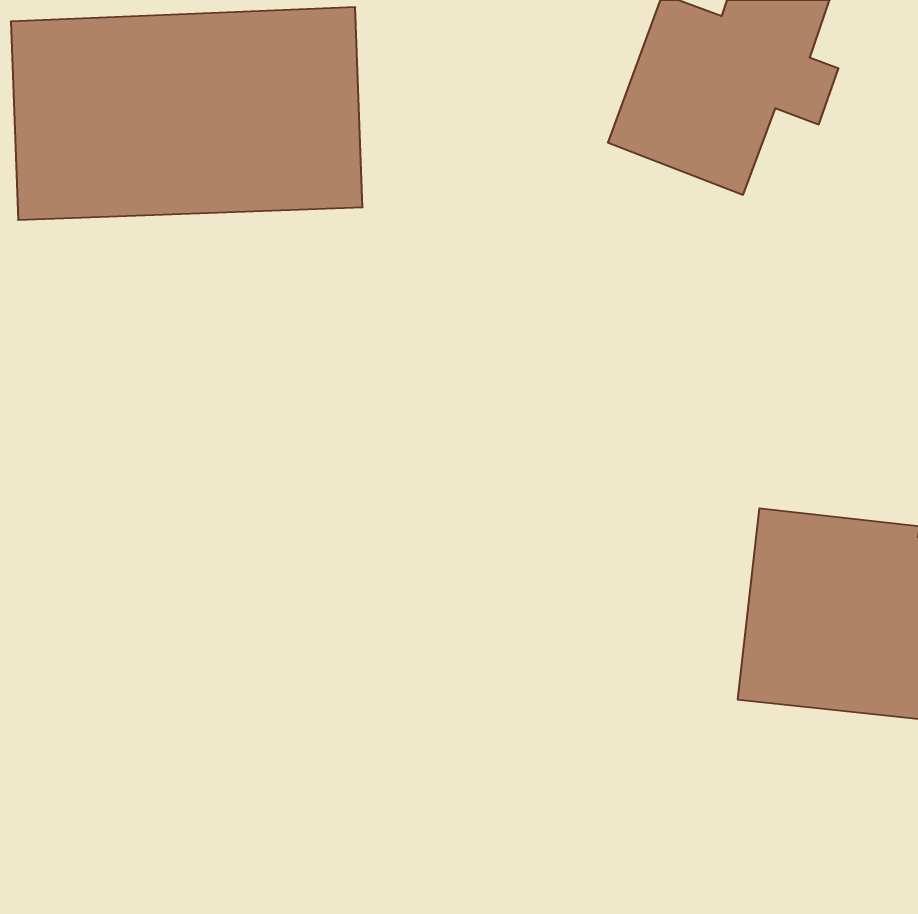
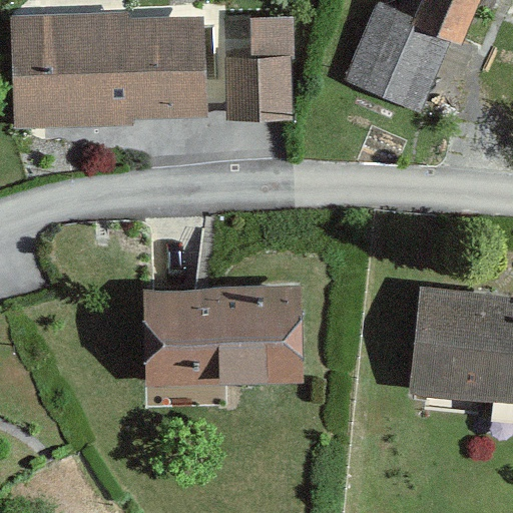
building: none -> [226,18,299,121]
building: none -> [144,284,306,388]

